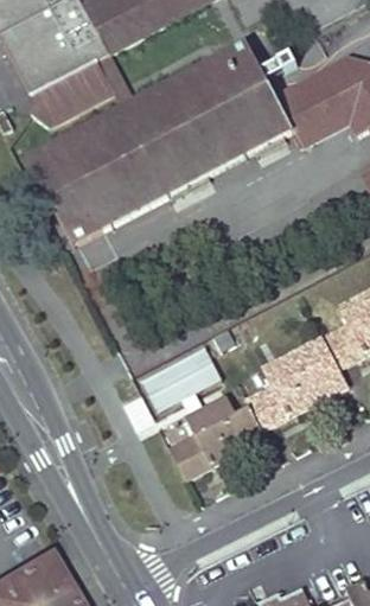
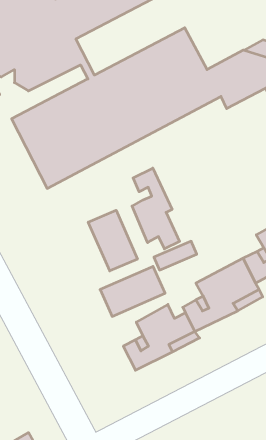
building: none -> [132,168,180,249]
building: none -> [88,210,137,271]

